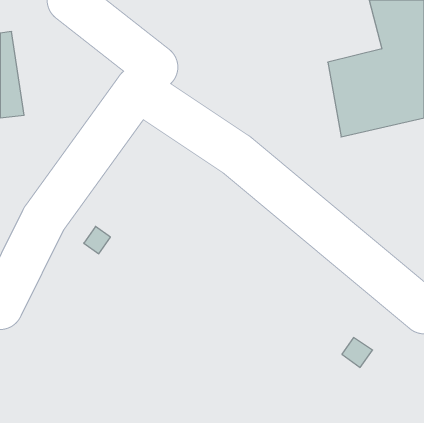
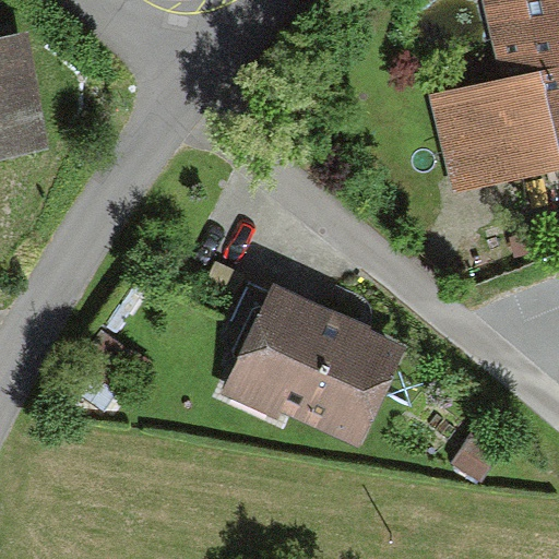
building: none -> [233,305,390,440]

